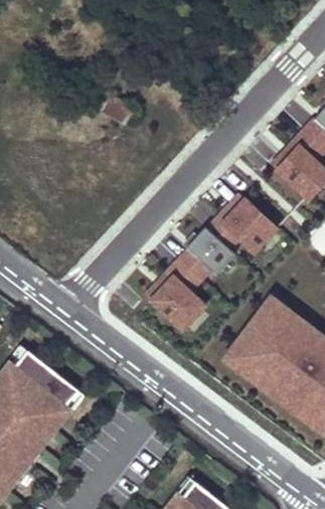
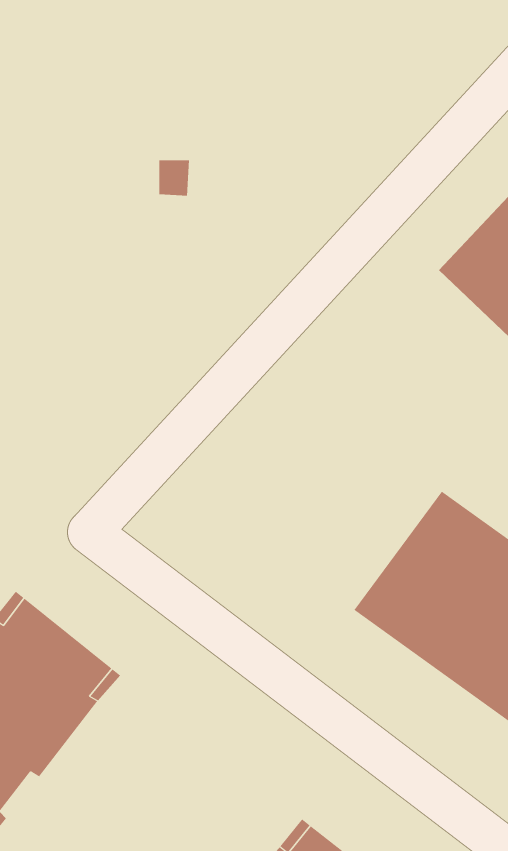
building: [211,190,281,257] -> none
building: [141,226,233,333] -> none

